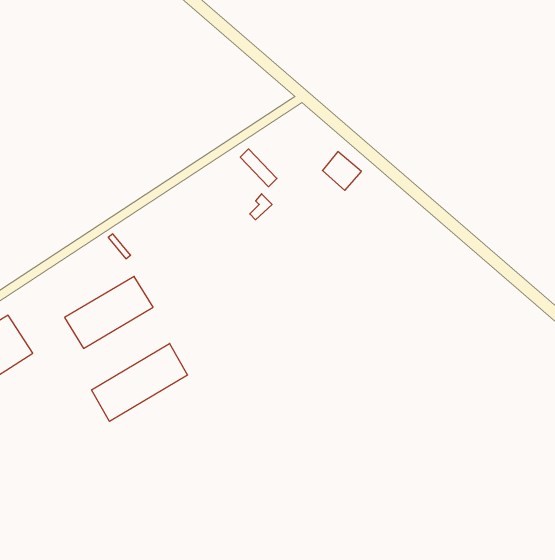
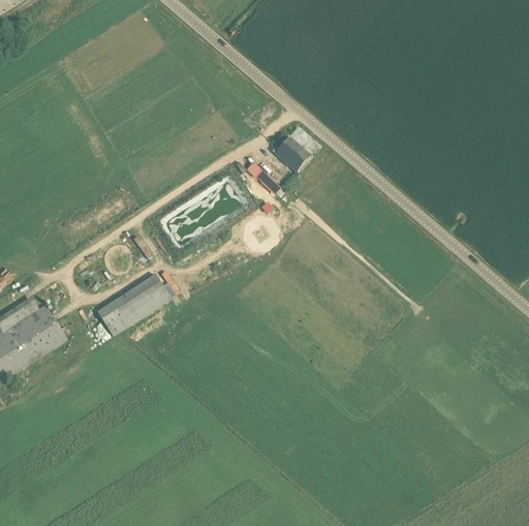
building: [322,152,361,190] -> [276,136,310,171]
building: [92,343,188,421] -> none

